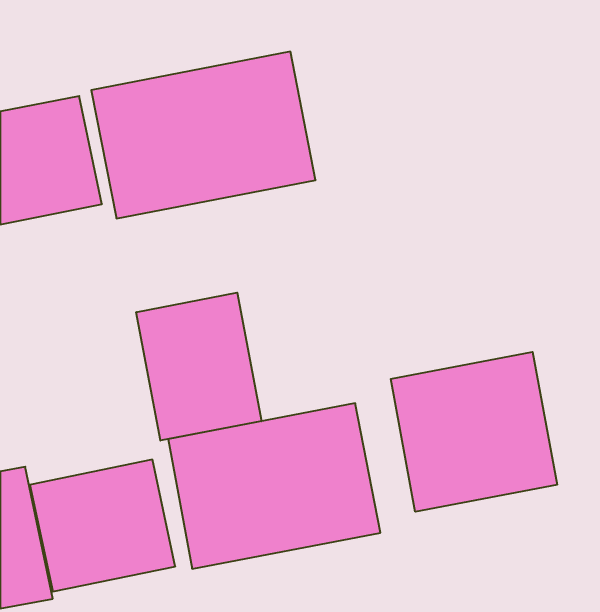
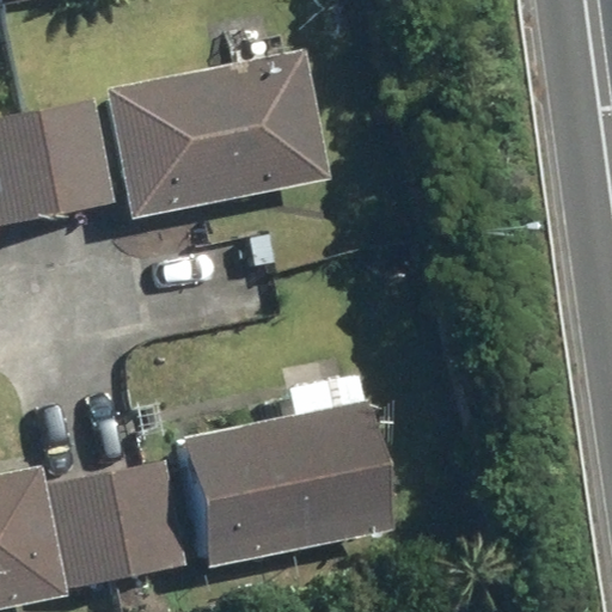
building: [136,293,261,441] -> none
building: [391,352,557,512] -> none

